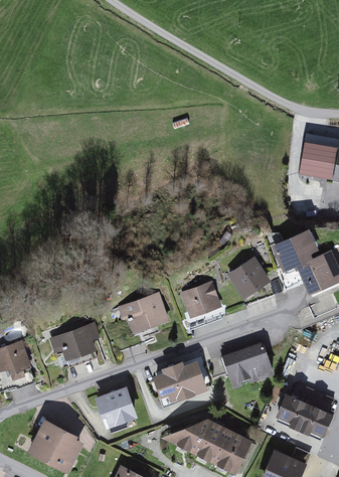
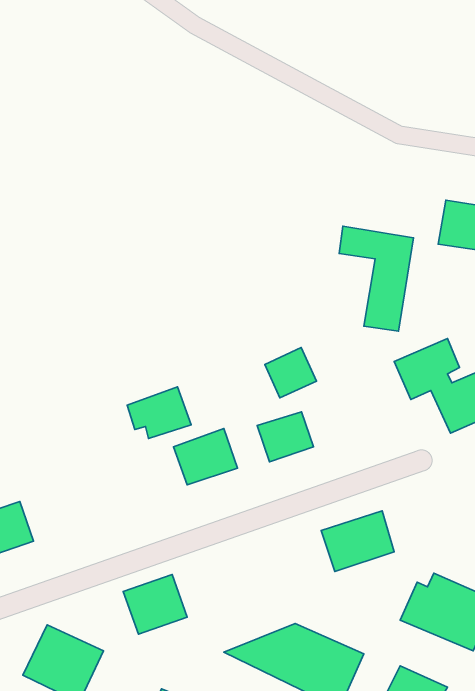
building: none -> [339,226,413,331]
building: [233,259,268,292] -> [265,348,316,398]
building: [52,322,95,356] -> [127,387,191,439]
building: [149,361,207,407] -> none

